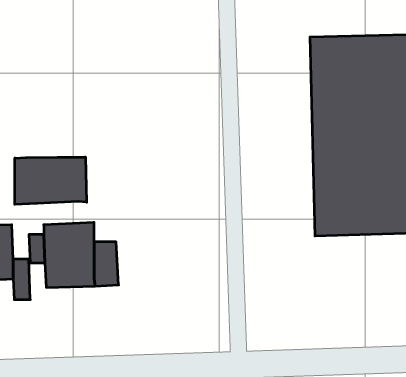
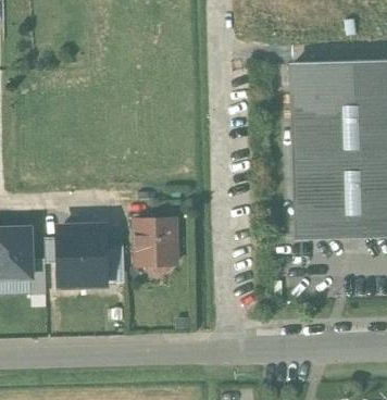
building: [15,157,87,204] -> none
building: none -> [135,220,174,271]

